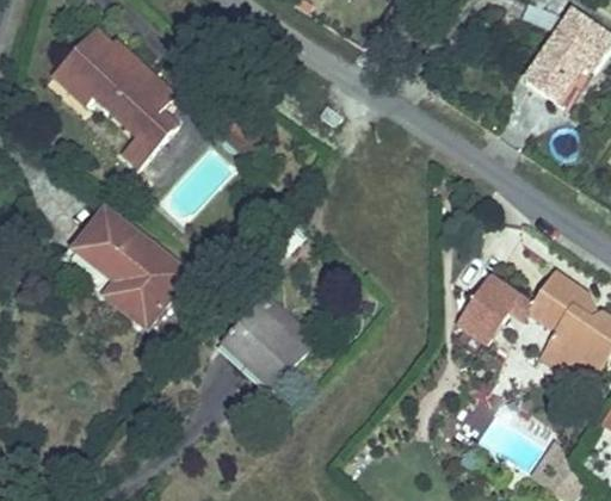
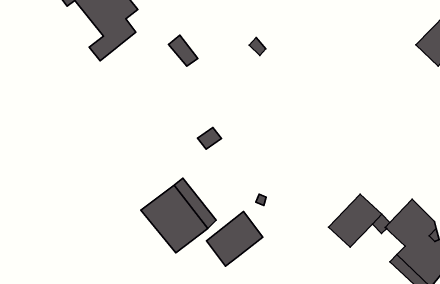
building: [74,208,186,324] -> none
building: none -> [206,212,263,266]

